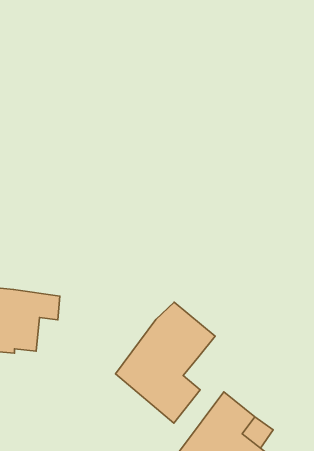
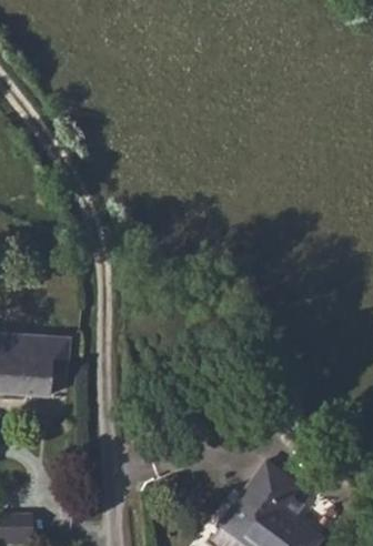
building: [115,302,215,423] -> none

